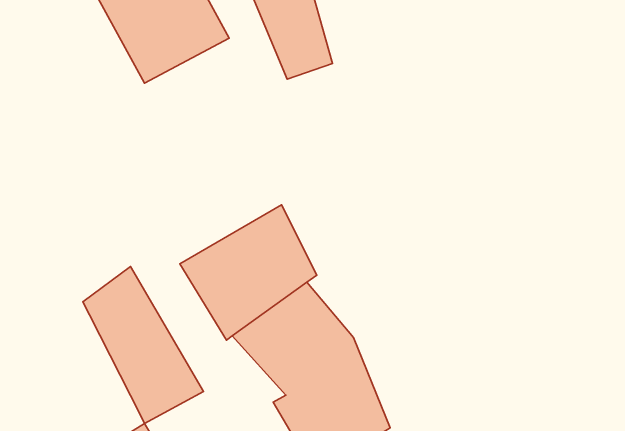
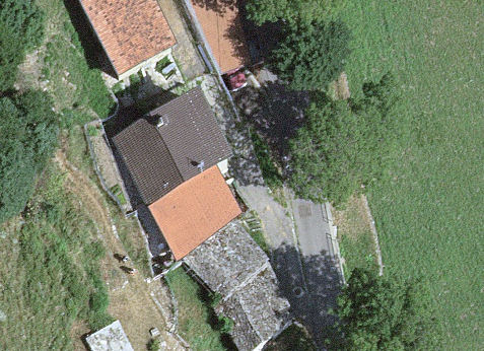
building: none -> [111,82,234,205]
building: [83,267,204,423] -> none

